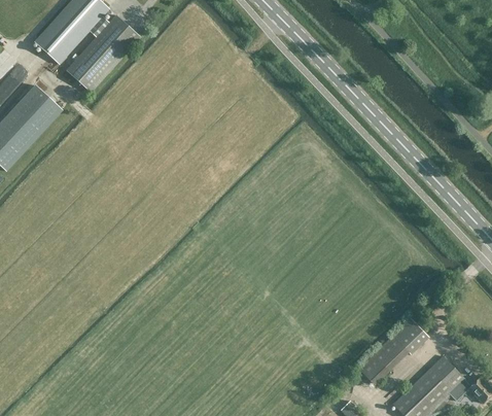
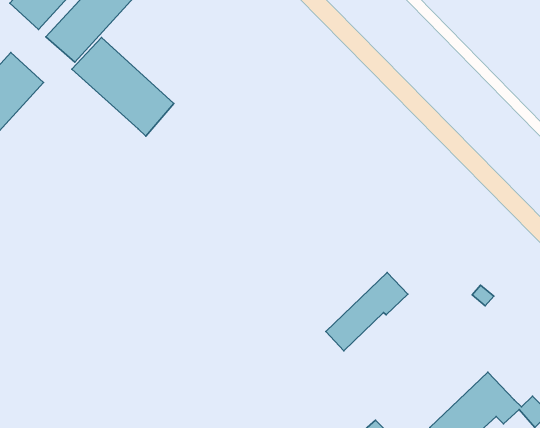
building: none -> [72,38,174,136]
building: [357,319,427,386] -> [326,273,408,351]

